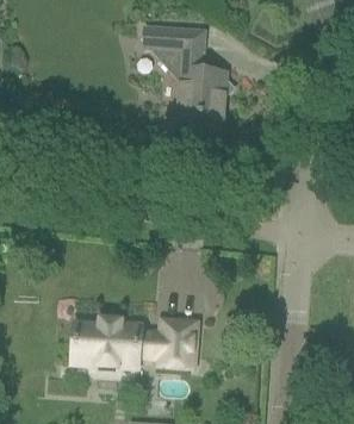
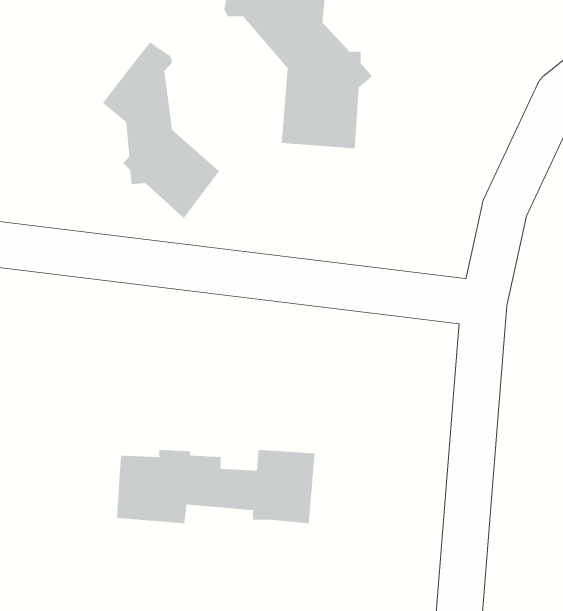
building: none -> [102,41,220,219]

